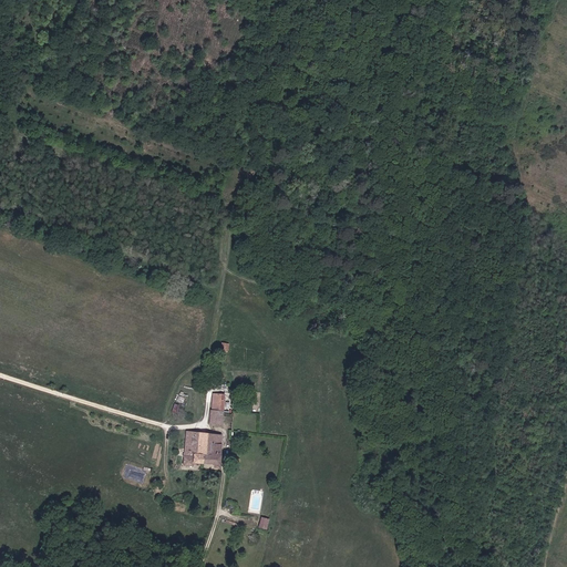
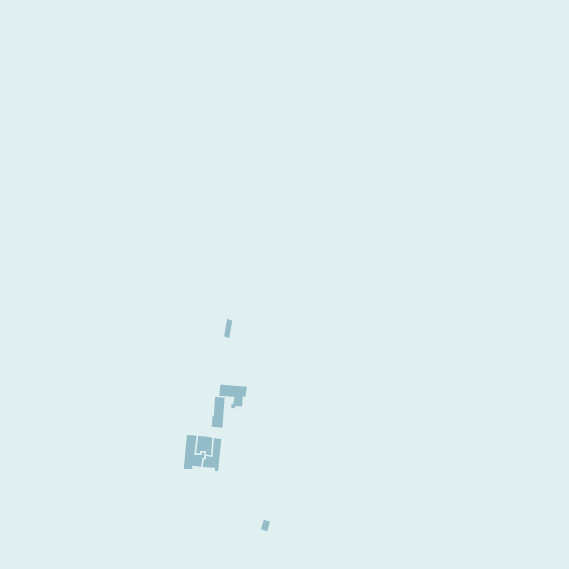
building: none -> [218,384,248,409]

